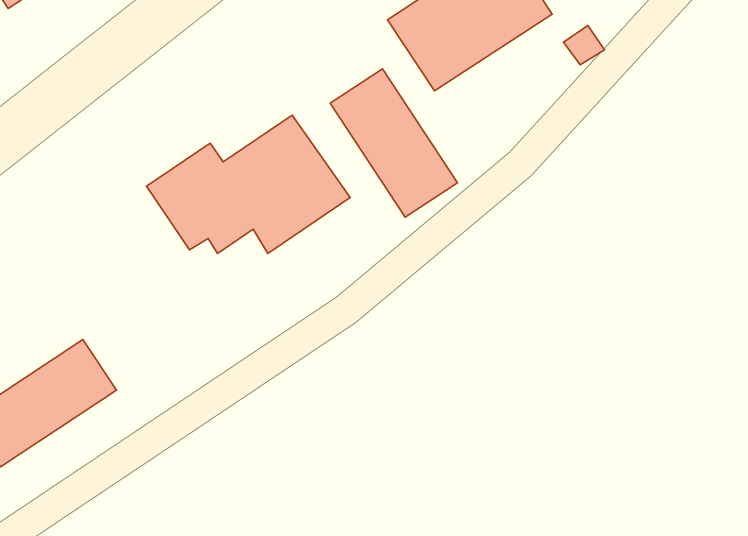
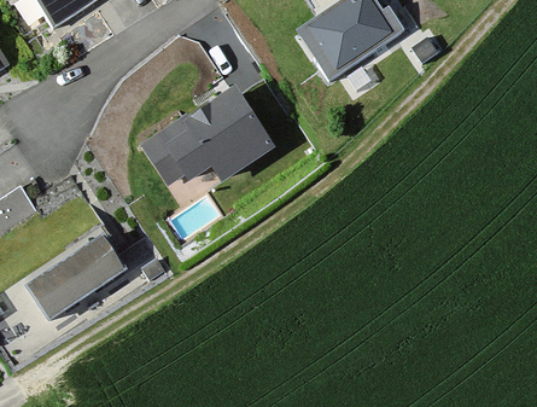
building: [330,69,457,217] -> none

